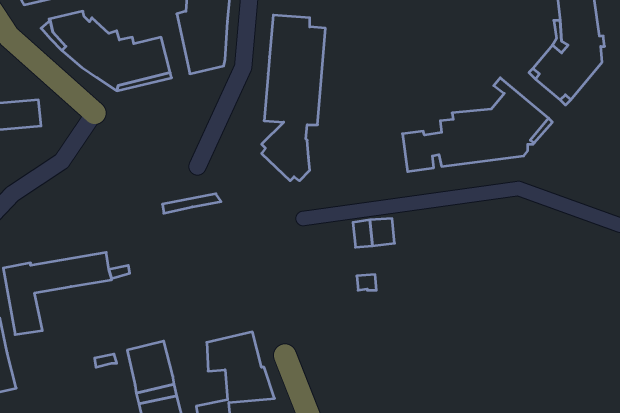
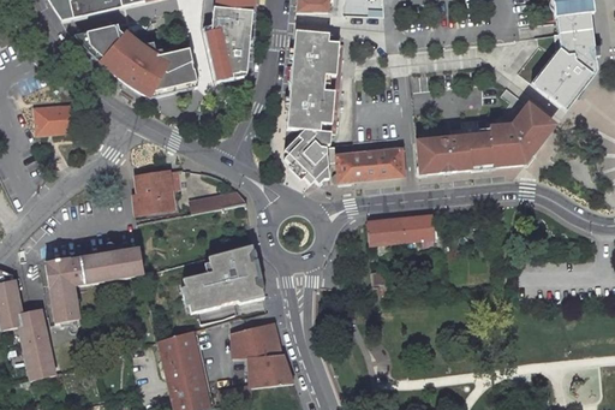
building: none -> [324,144,402,182]
building: none -> [135,171,181,215]
building: none -> [402,214,436,246]
building: none -> [181,244,263,311]

